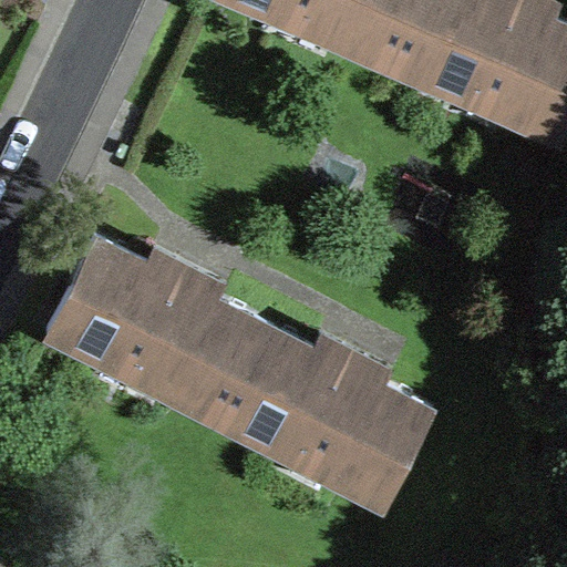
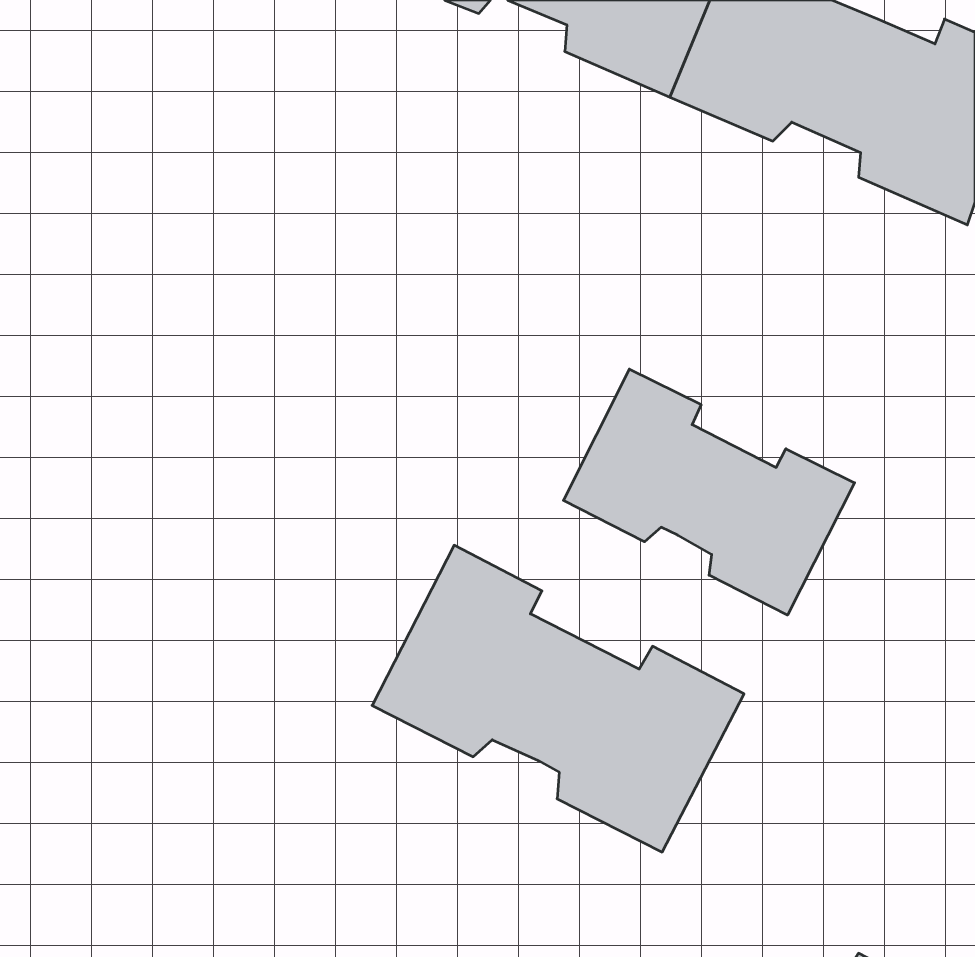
building: none -> [563,369,855,615]
building: [49,241,264,420] -> none

